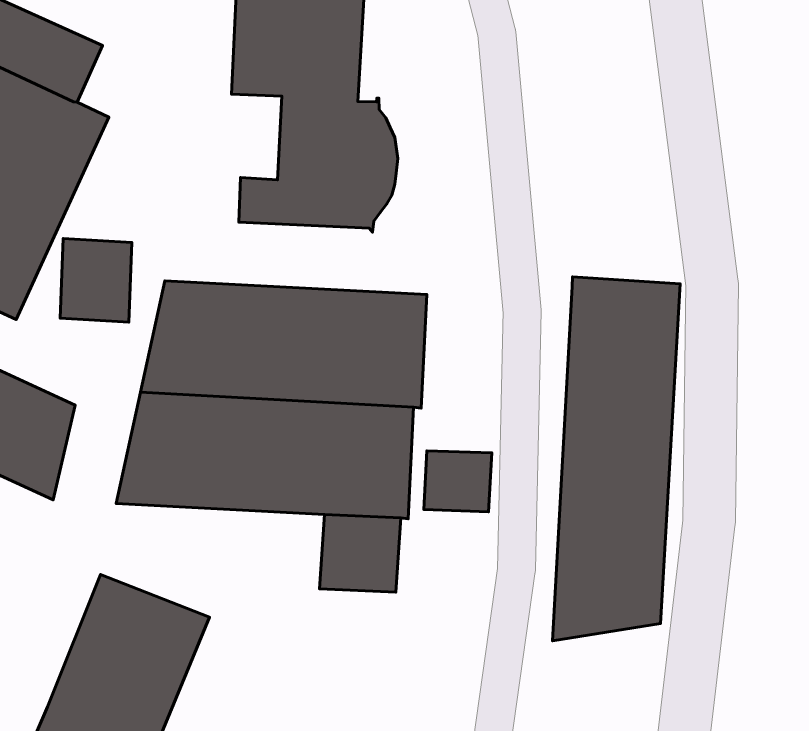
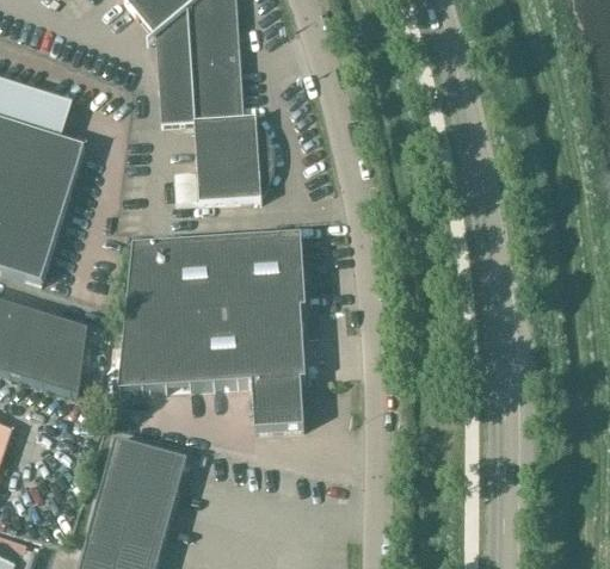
building: [60,239,132,322] -> none
building: [553,277,680,641] -> none
building: [424,451,492,512] -> none

